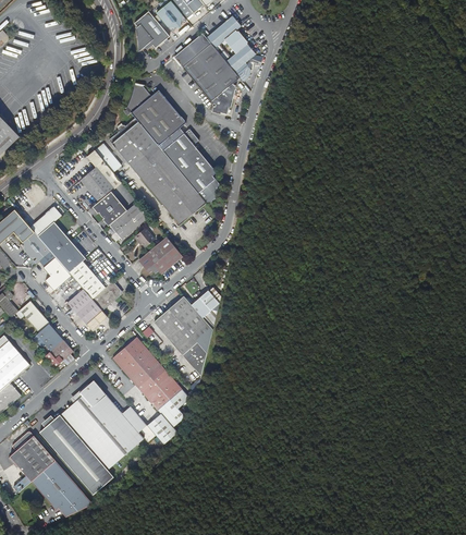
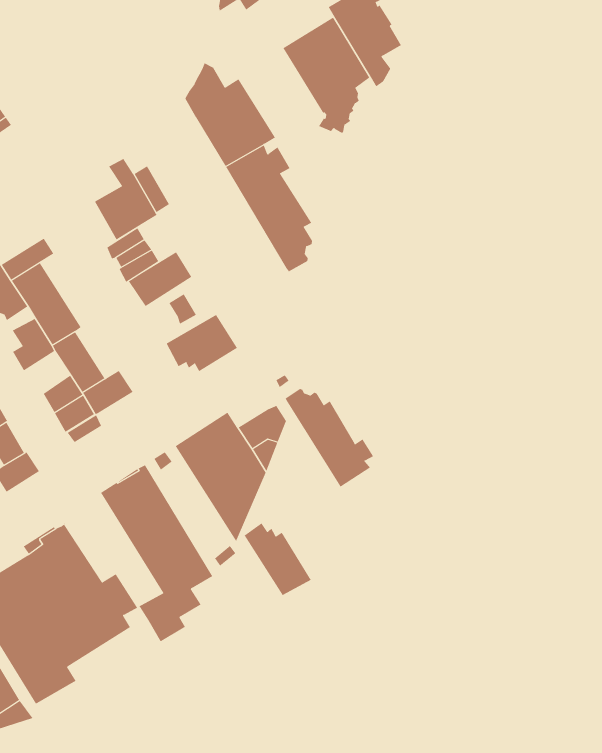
building: [108,118,204,223] -> none
building: none -> [285,388,374,487]
building: none -> [244,522,311,596]

